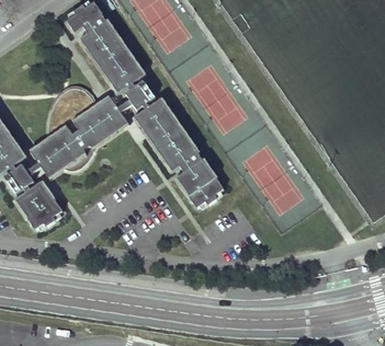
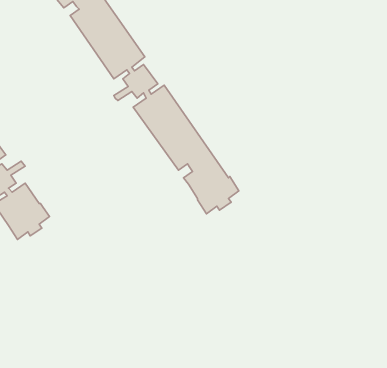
building: [31,90,127,176] -> none

